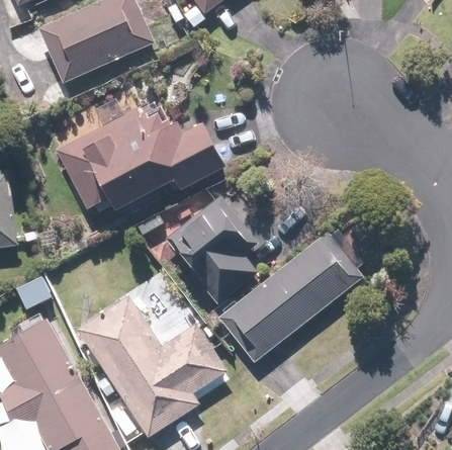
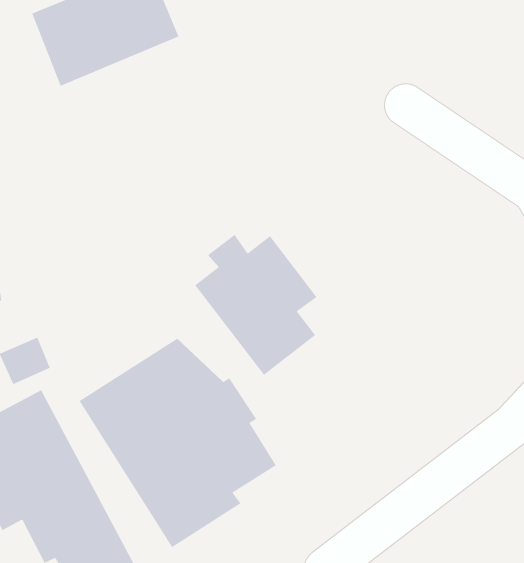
building: [46,96,227,210] -> none
building: [216,231,362,363] -> none

